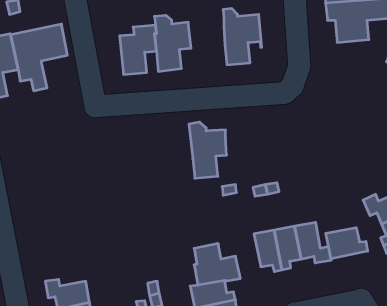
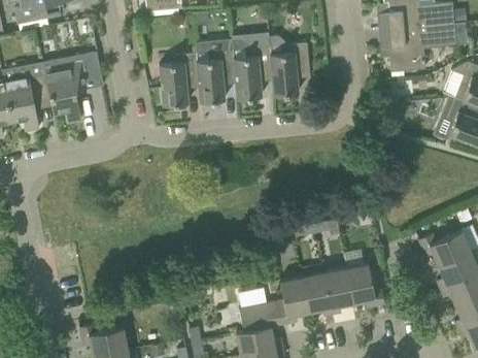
building: [189,122,227,178] -> [231,38,271,98]
building: [326,228,368,259] -> none
building: none -> [278,275,309,323]

